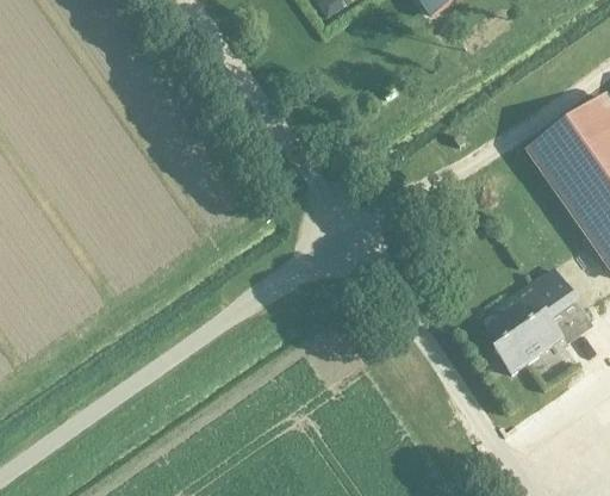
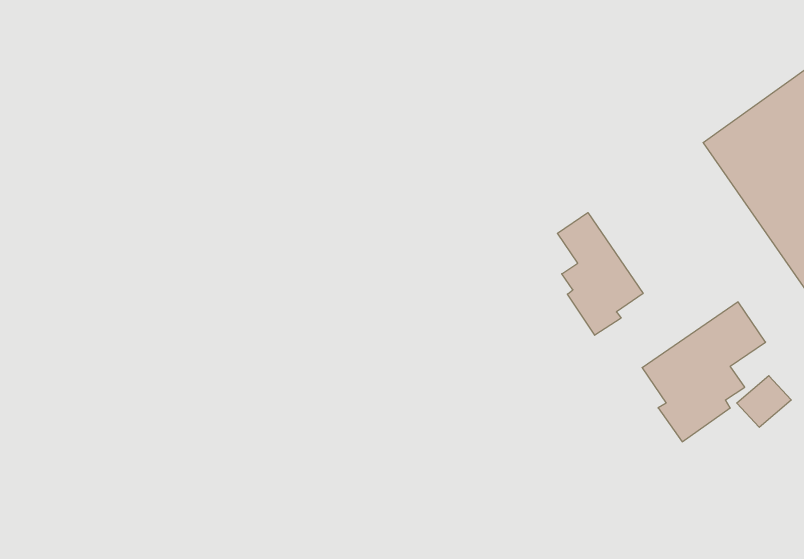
building: none -> [557,213,643,335]

